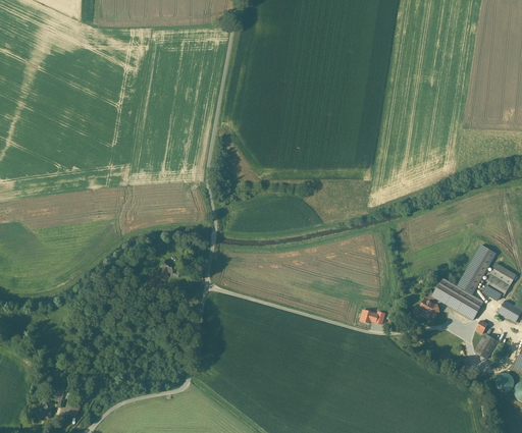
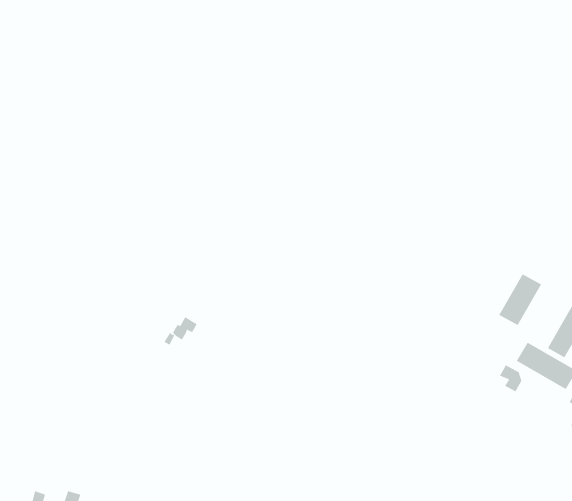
building: none -> [499,273,542,326]

